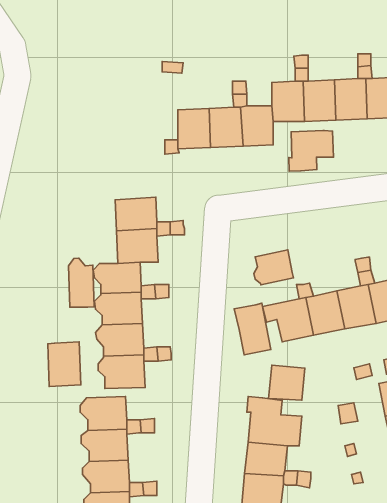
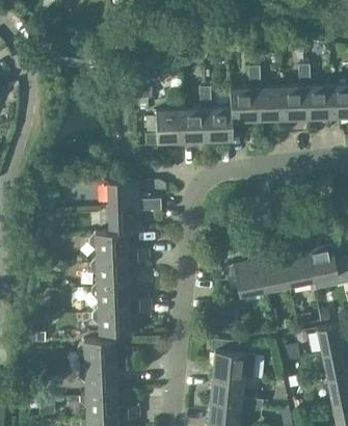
building: [289,130,333,171] -> none
building: [254,250,293,285] -> none
building: [68,258,94,307] -> none
building: [234,303,271,355] -> none
building: [48,342,81,387] -> none
building: [269,365,305,400] -> none

